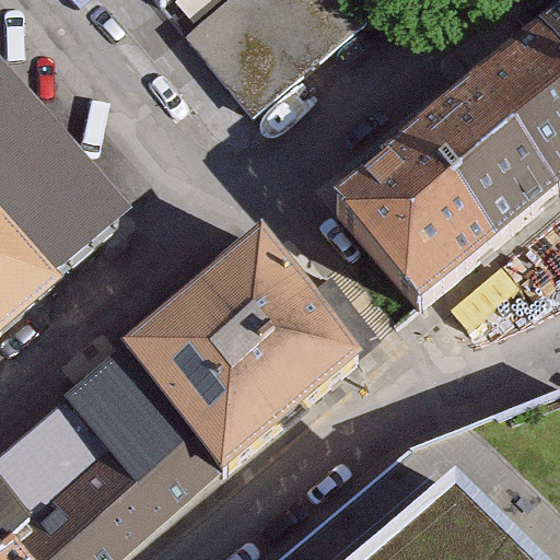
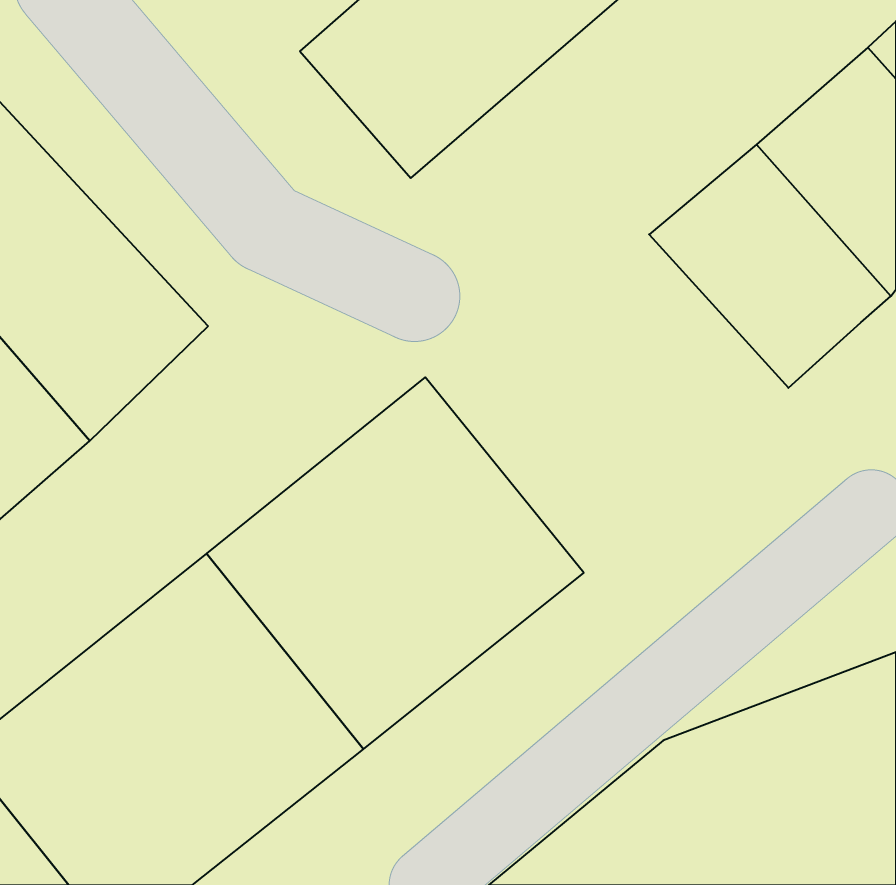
building: [330,145,489,305] -> none

